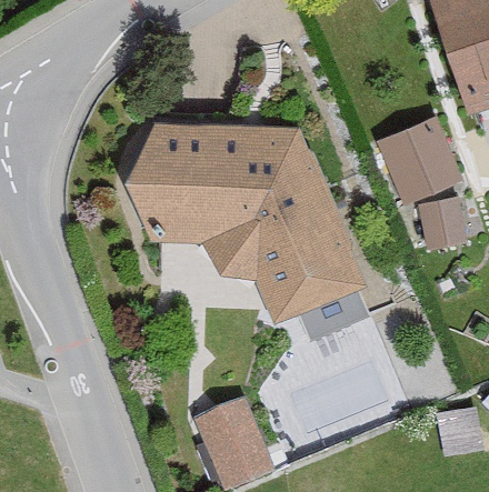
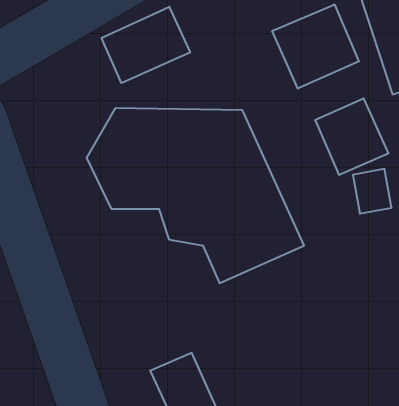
building: none -> [272,4,359,89]
building: none -> [101,7,190,83]

